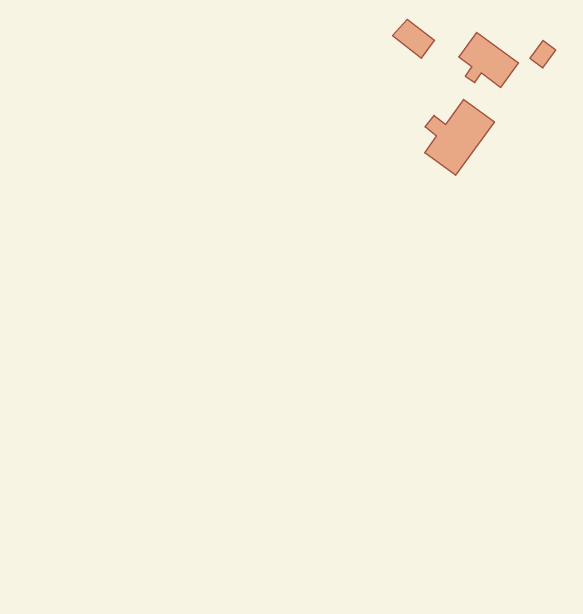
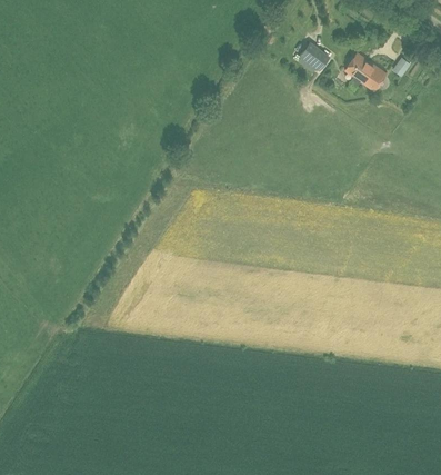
building: [425,99,494,175] -> none

